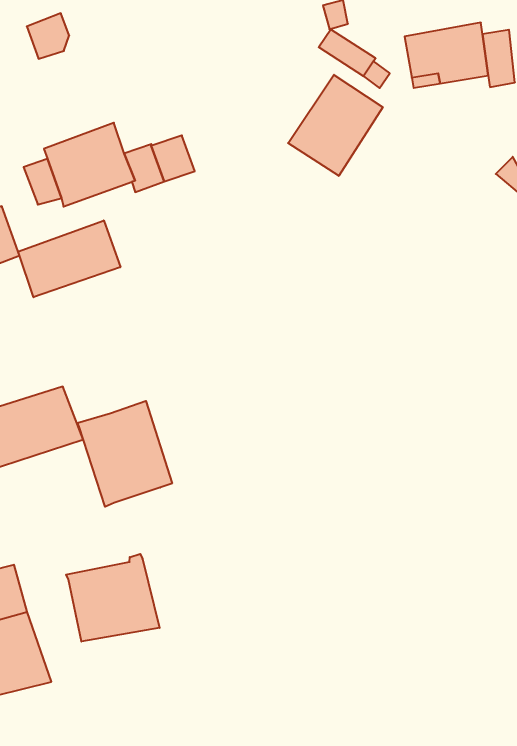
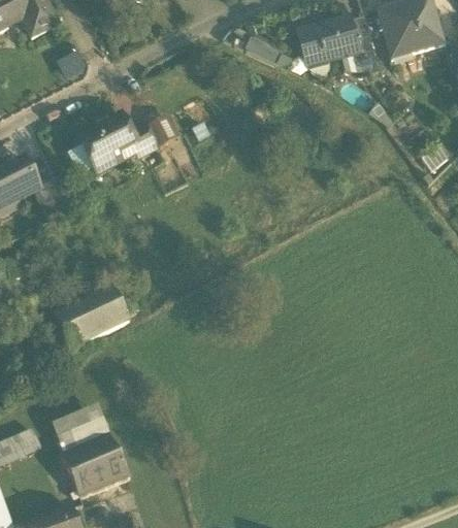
building: [288,75,383,176] -> none
building: [18,220,120,297] -> none
building: [78,401,172,507] -> none
building: [66,554,160,642] -> none

